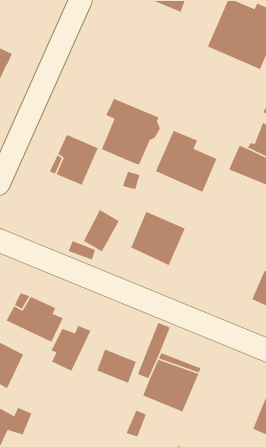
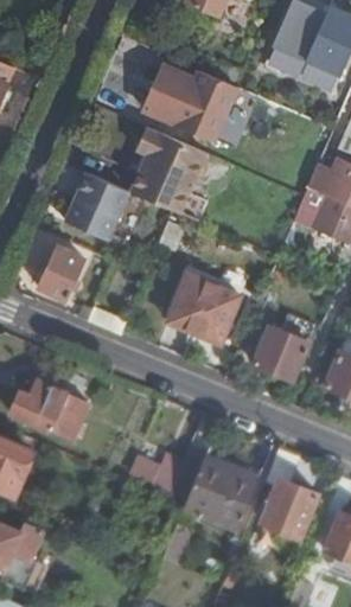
building: [155,130,218,193] -> [146,57,226,138]
building: [83,209,120,252] -> [38,245,85,301]
building: none -> [254,326,308,379]
building: [51,325,92,372] -> none
building: none -> [263,447,320,541]

